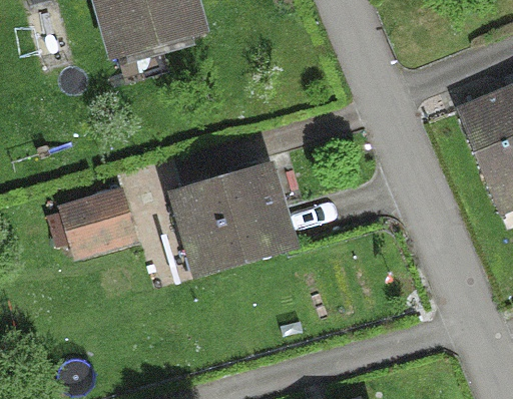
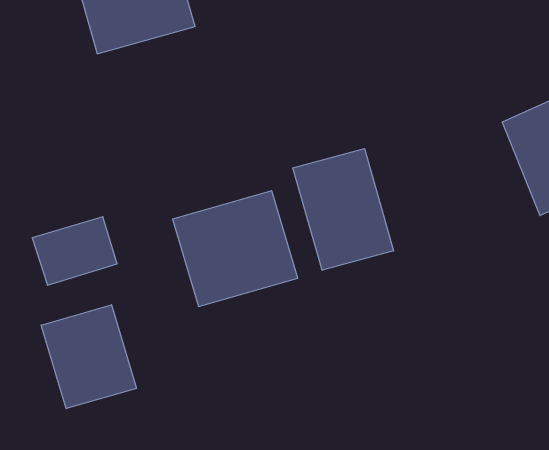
building: none -> [293,149,394,270]
building: none -> [41,305,136,409]

